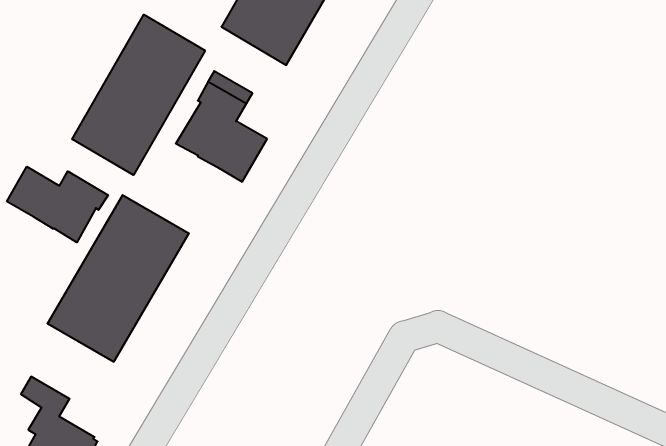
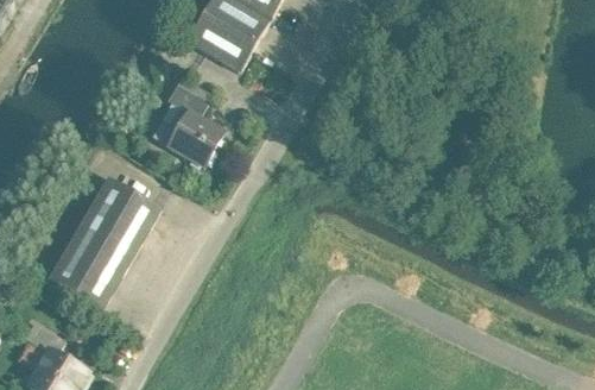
building: [72,15,205,175] -> none
building: [7,167,108,242] -> none

